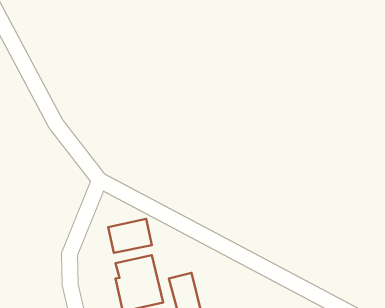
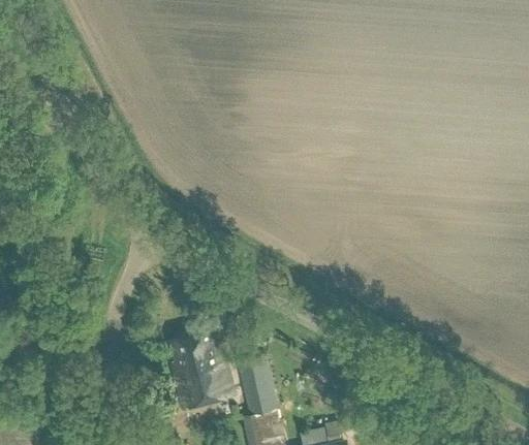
building: [108,219,152,253] -> none

